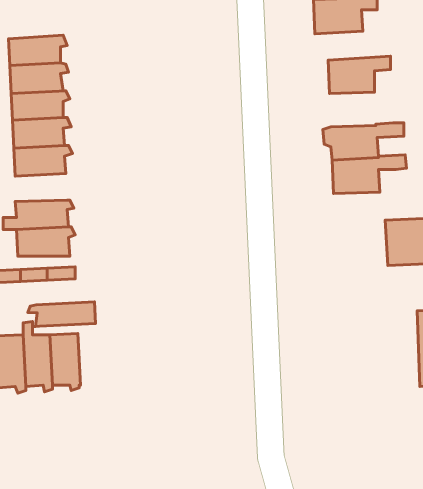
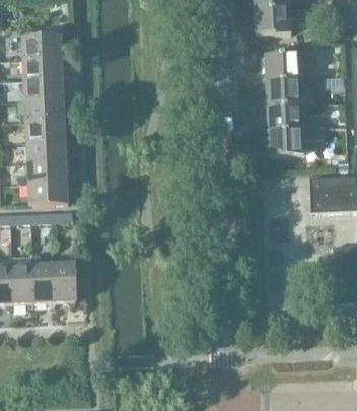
building: none -> [266,76,323,105]
building: none -> [26,139,70,161]
building: [28,302,96,327] -> none

